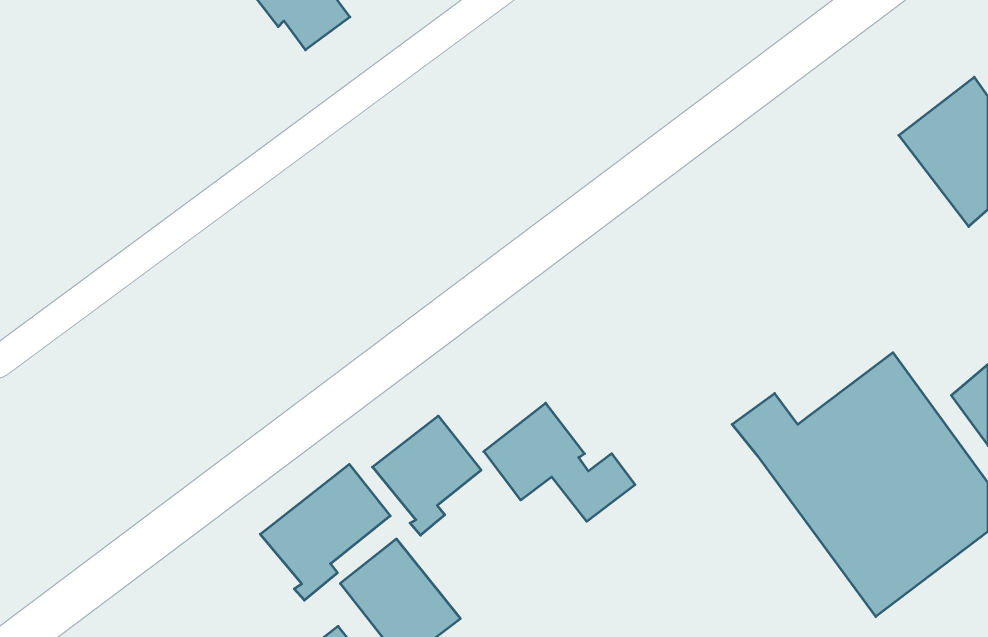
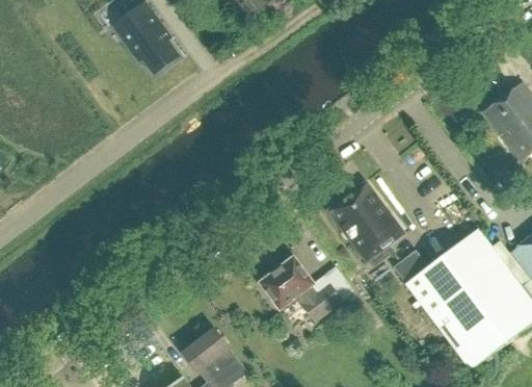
building: none -> [329,183,402,259]
building: [372,416,481,535] -> none
building: [260,464,390,600] -> none

